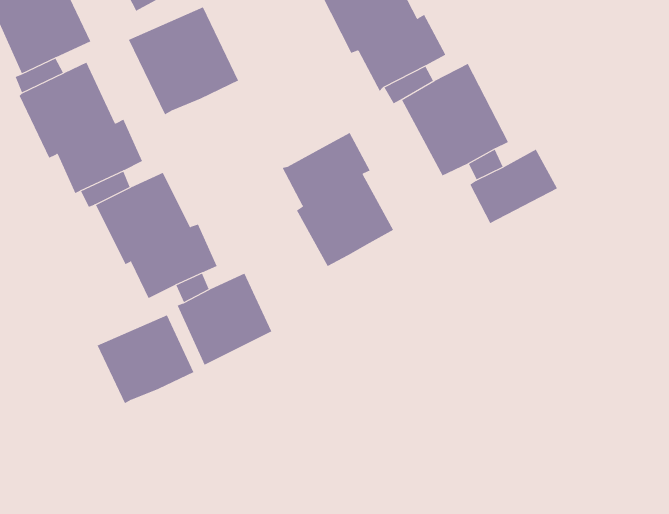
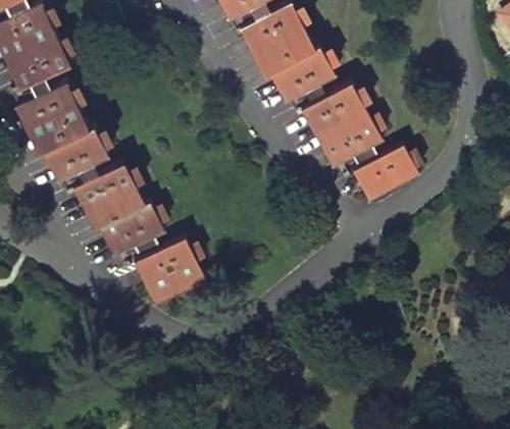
building: [128,6,239,115] -> none
building: [282,132,394,267] -> none
building: [97,315,194,404] -> none

